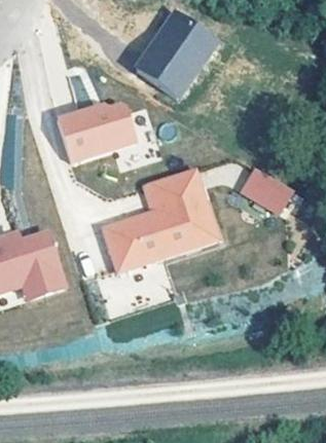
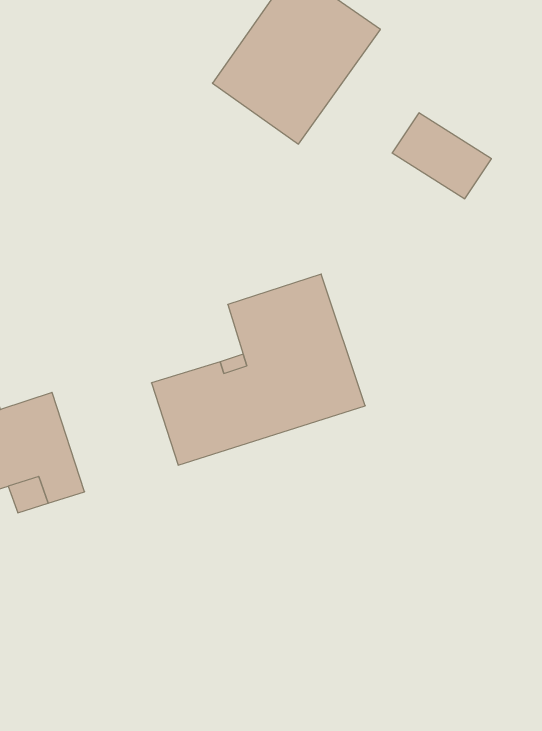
building: [57,106,137,163] -> none
building: [237,168,290,214] -> [392,113,491,199]

